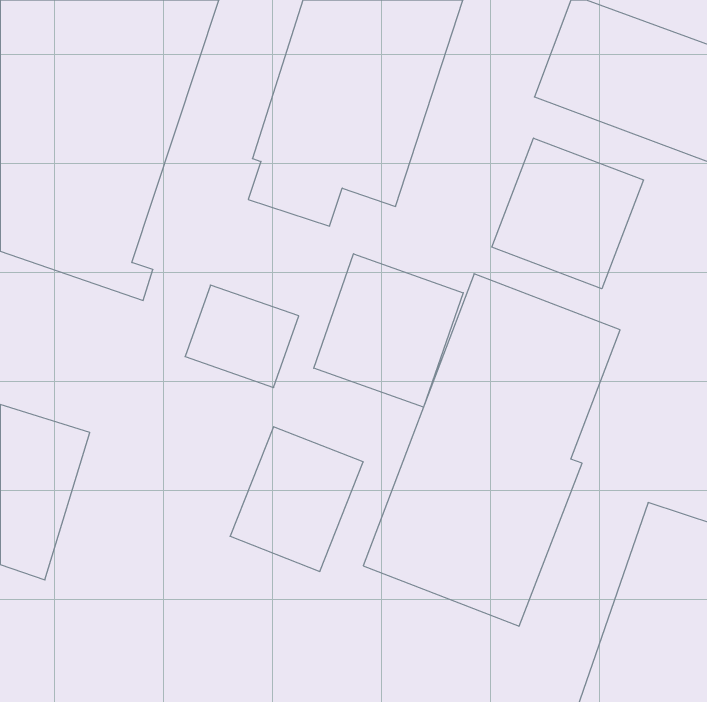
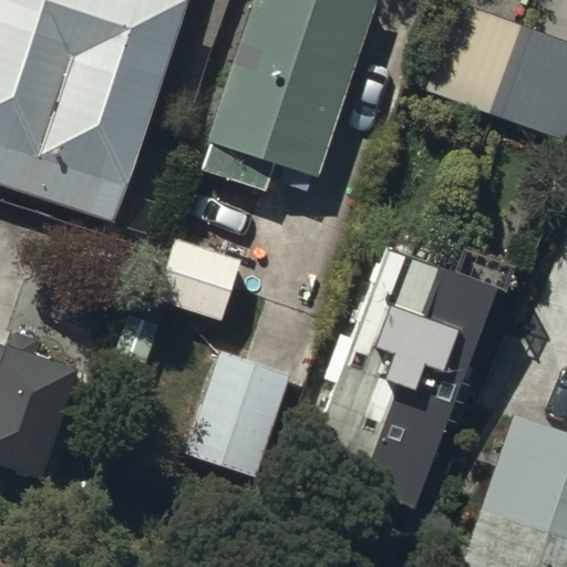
building: [492,138,644,289] -> none
building: [314,254,463,407] -> none

